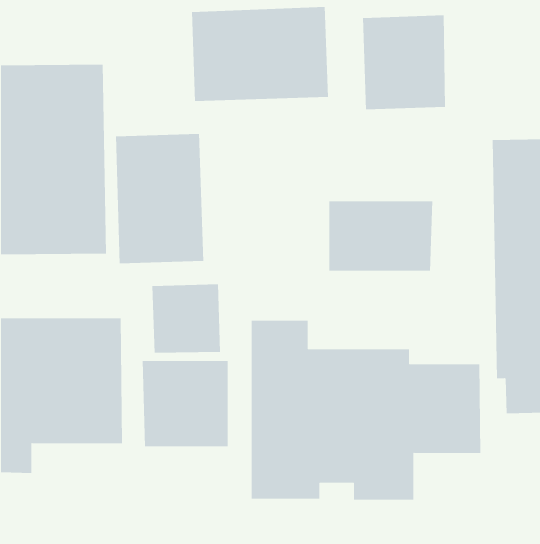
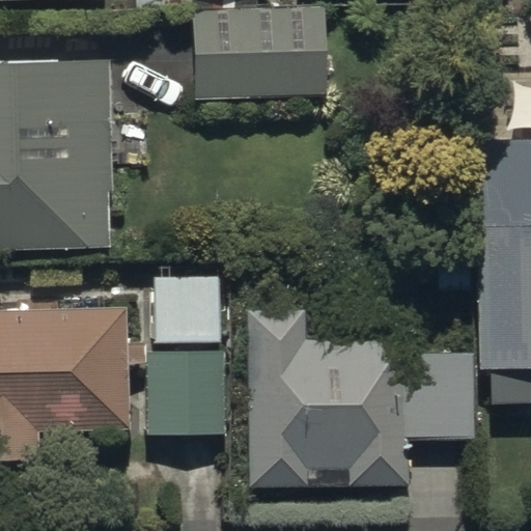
building: [362,14,445,110] -> none
building: [116,133,204,264] -> none
building: [329,201,433,271] -> none

